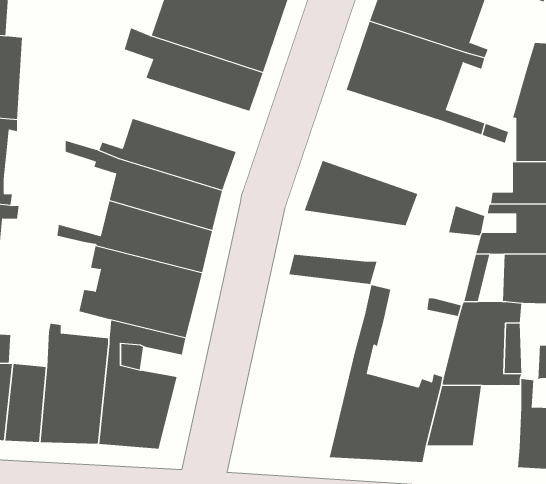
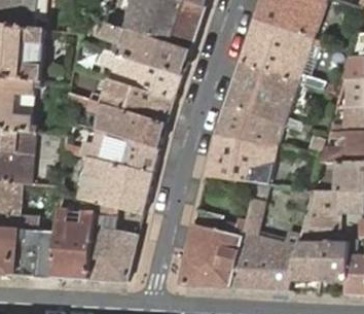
building: none -> [102,49,182,99]
building: none -> [226,61,302,129]
building: none -> [209,135,278,166]
building: none -> [179,208,246,286]
building: none -> [319,242,348,280]

